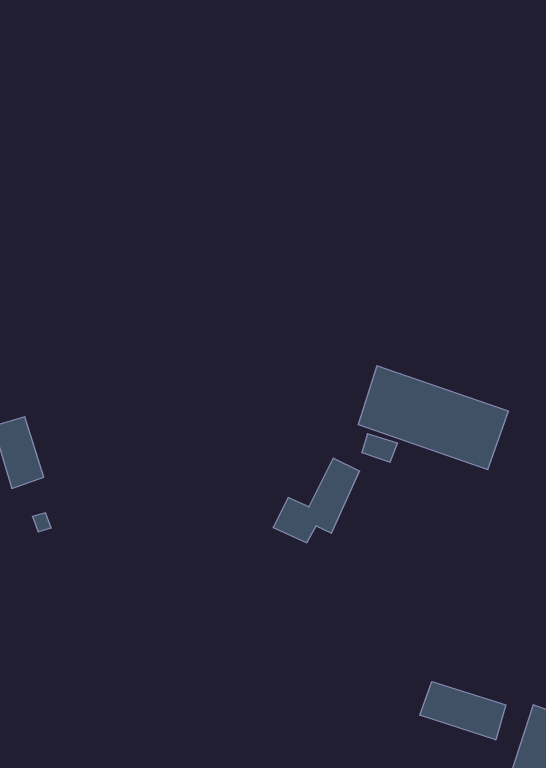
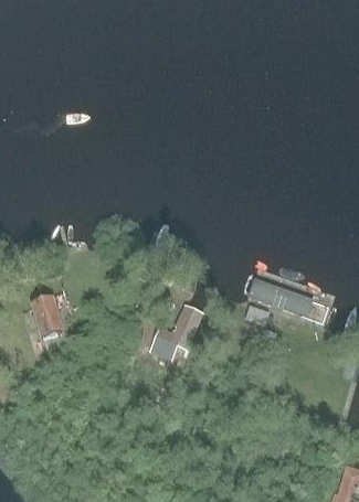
building: [273,458,360,543] -> [151,302,202,352]
building: [420,682,506,740] -> none

